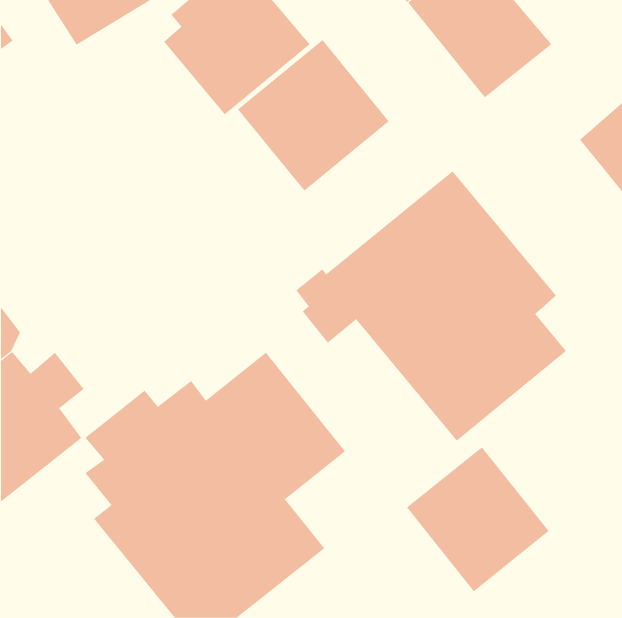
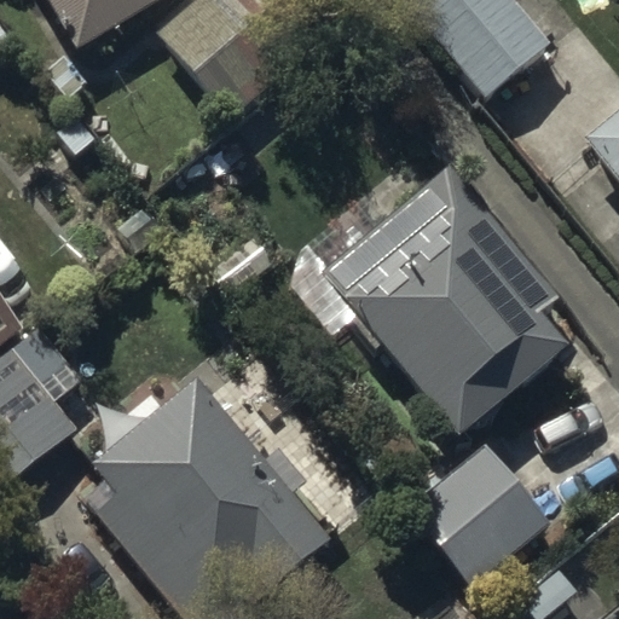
building: [237,39,390,192] -> none

